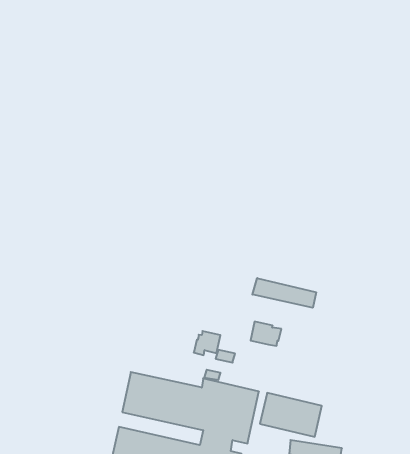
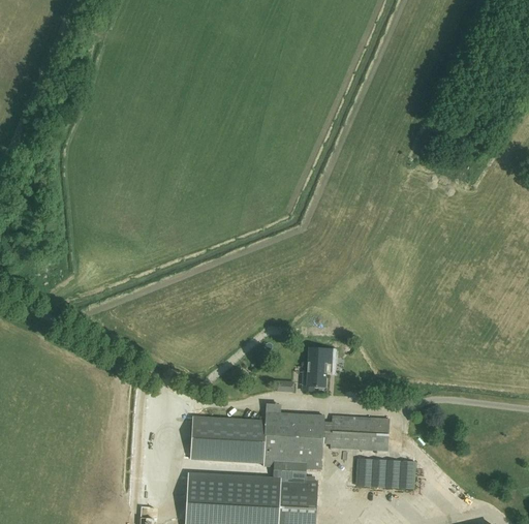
building: [252,278,316,308] -> none
building: [194,331,220,355] -> [302,367,325,391]

